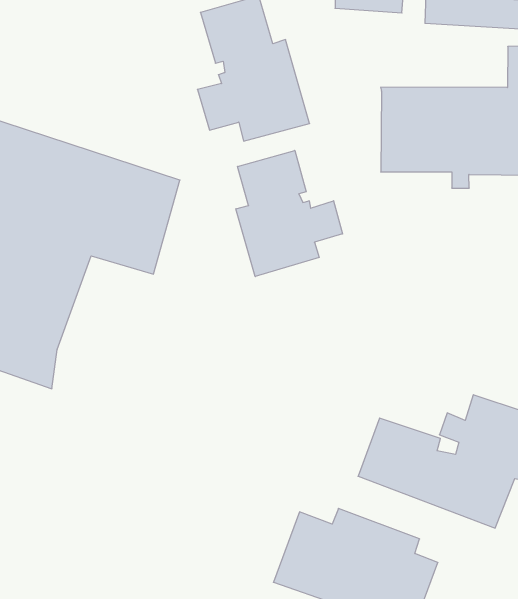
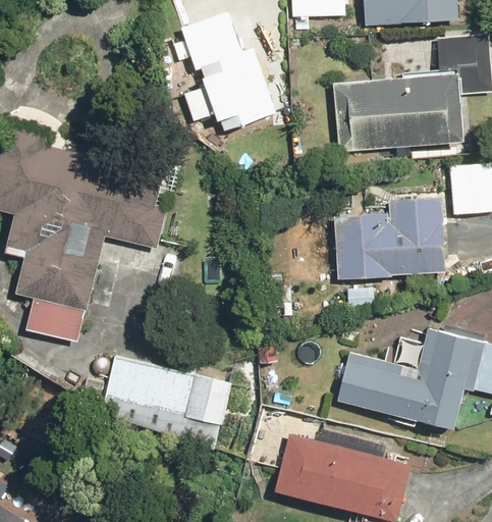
building: [236,150,343,277] -> none
building: none -> [334,200,441,308]
building: none -> [99,353,229,442]

